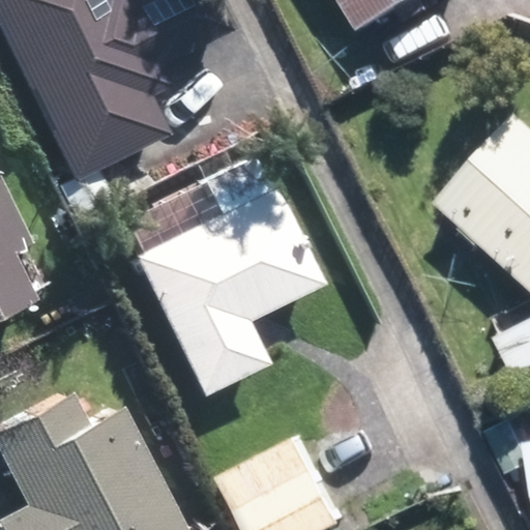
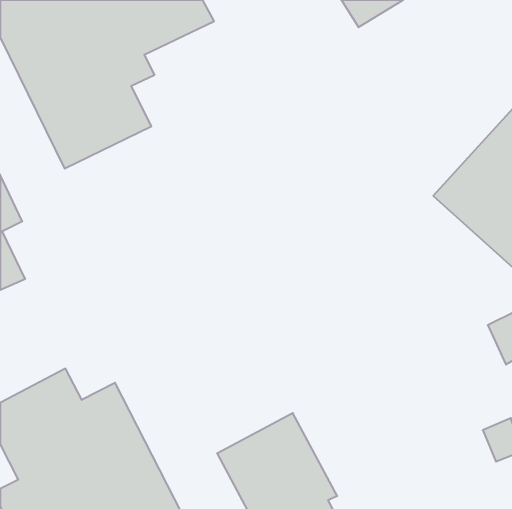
building: [131,180,320,387] -> none

